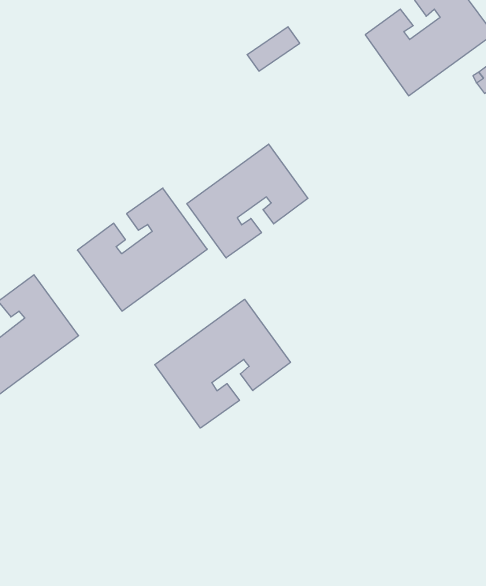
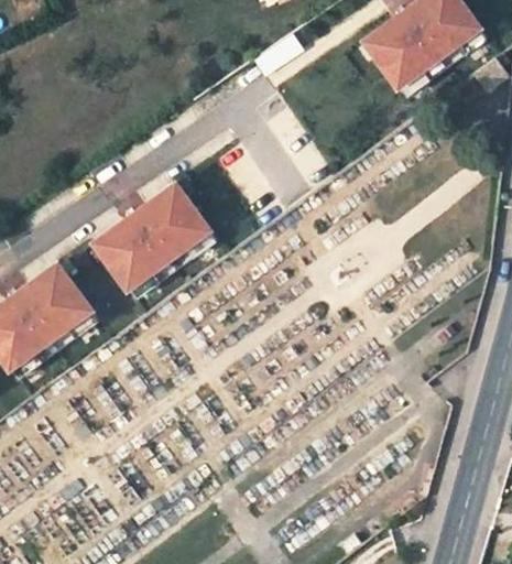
building: [187,144,308,258] -> none
building: [155,299,290,428] -> none

